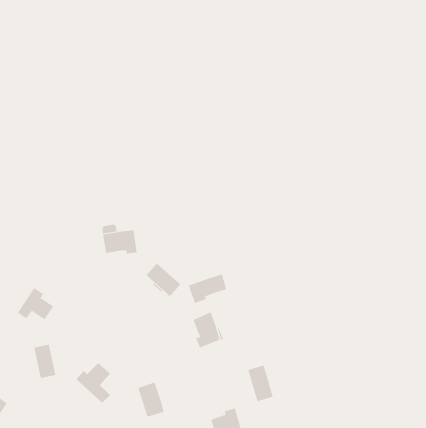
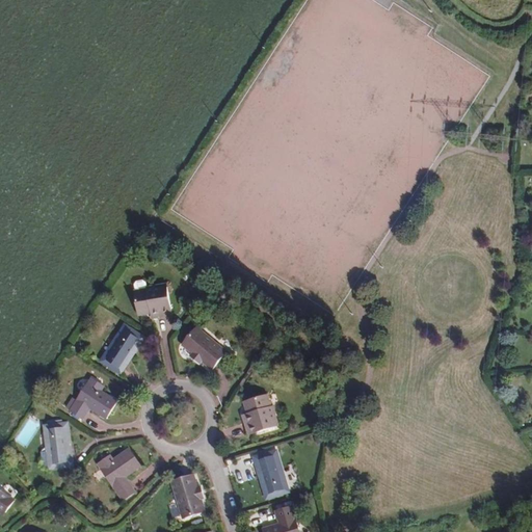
building: none -> [100,325,140,370]
building: [188,274,227,304] -> none
building: [17,287,54,320] -> [69,375,114,416]
building: [248,365,274,402] -> [258,450,290,496]

